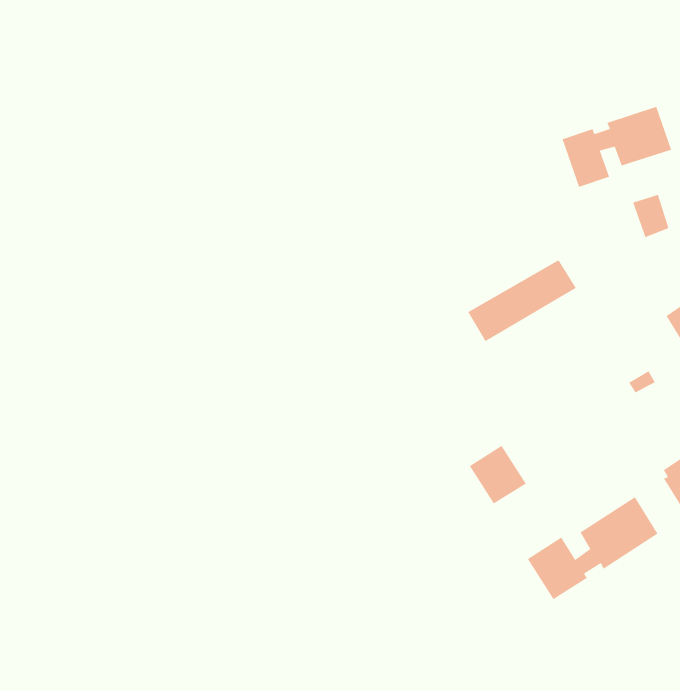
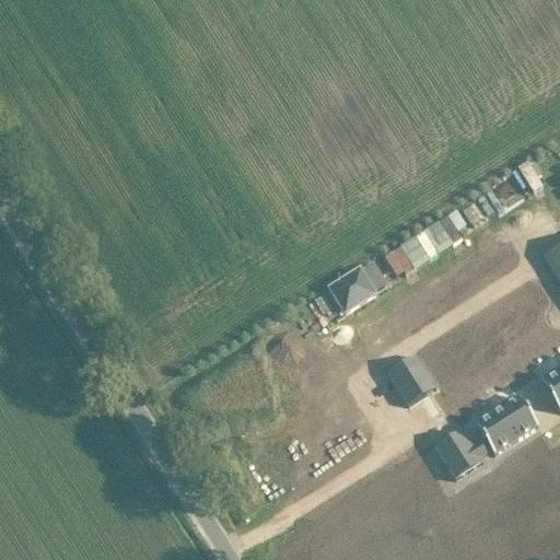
building: [562,106,672,188] -> none
building: none -> [330,267,375,310]

